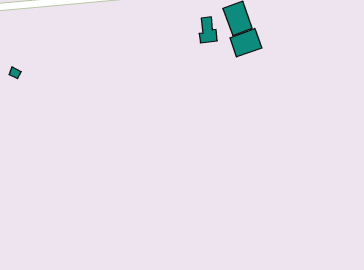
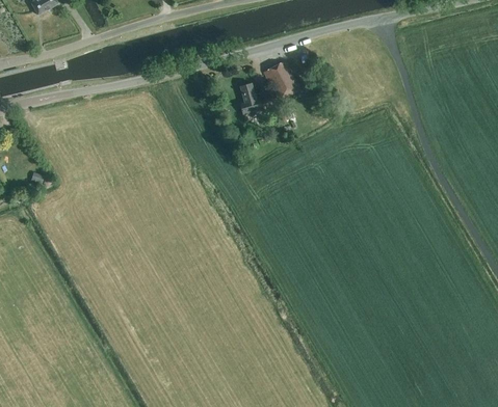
building: [230,28,262,57] -> none

